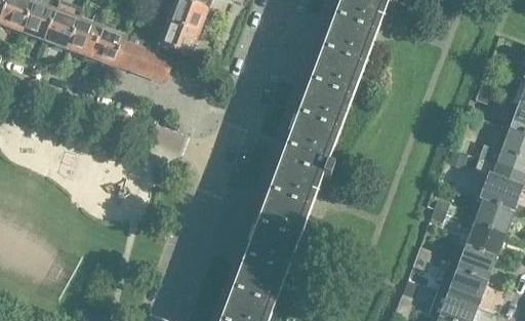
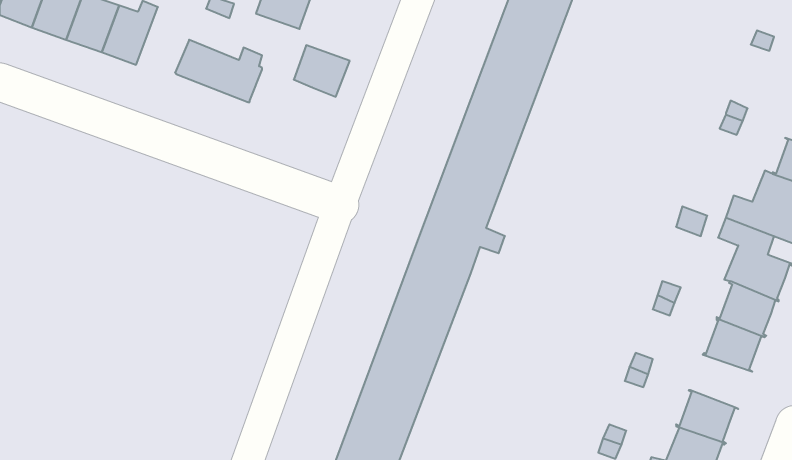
building: [91,16,127,64] -> none
building: [162,21,199,54] -> [294,45,350,97]
building: [456,245,497,281] -> none

